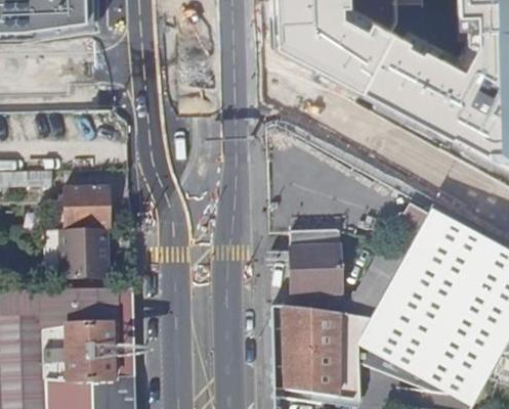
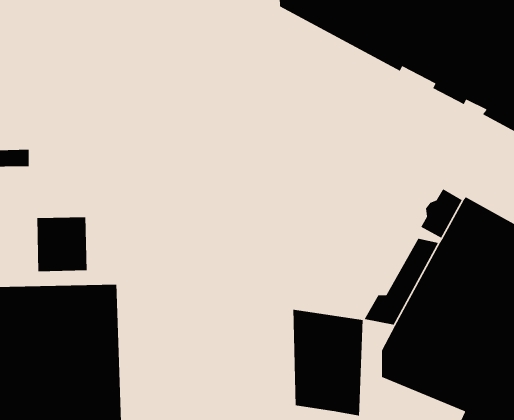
building: [53,185,109,228] -> none
building: [293,231,343,297] -> none

